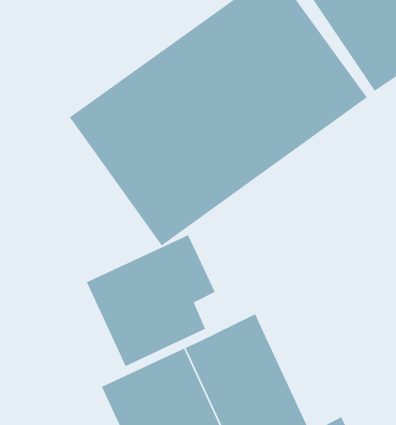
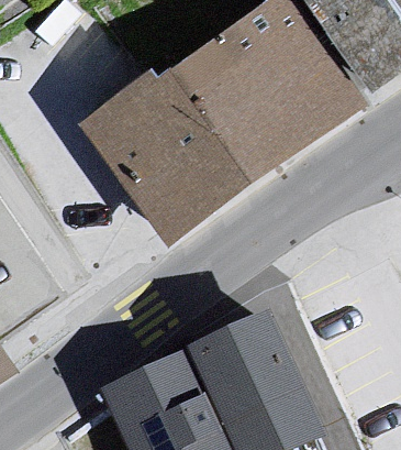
building: [86,234,216,367] -> none

